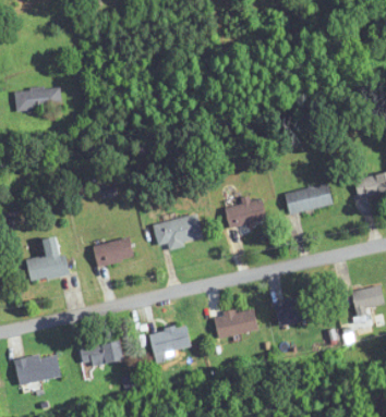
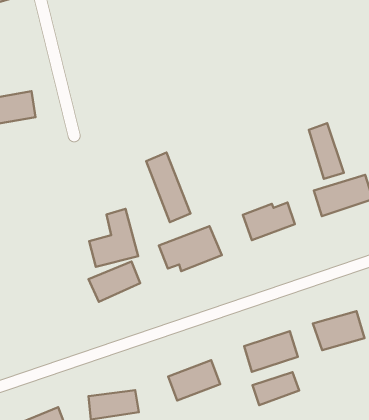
building: none -> [309,123,344,179]
building: none -> [146,153,190,222]
building: [27,235,67,281] -> [89,209,138,267]
building: none -> [253,372,299,405]

